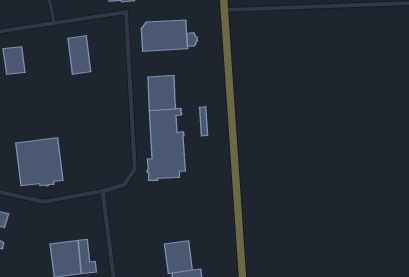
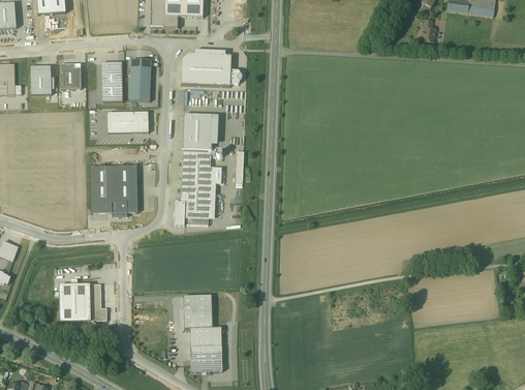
building: none -> [129,59,152,101]
building: none -> [60,63,81,89]
building: none -> [107,112,149,132]
building: [16,138,63,186] -> [90,166,137,216]

